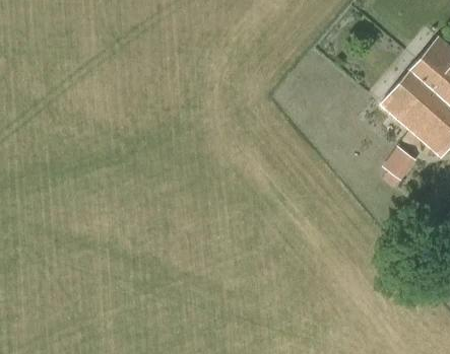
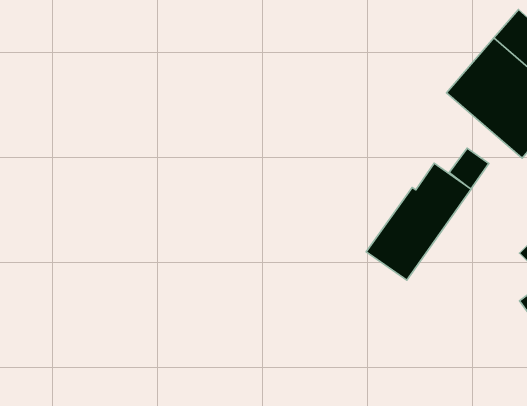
building: none -> [366,163,471,280]

